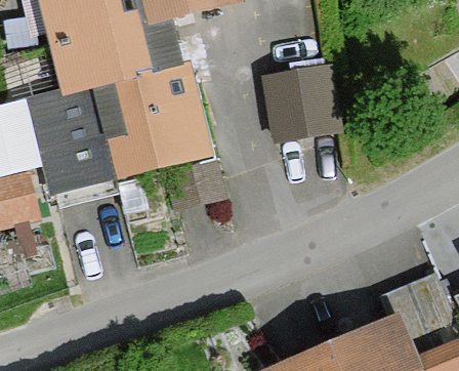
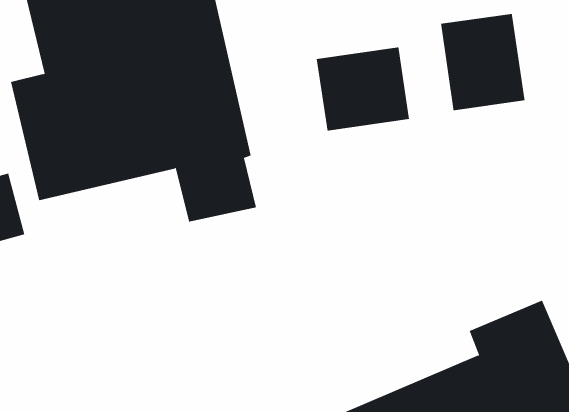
building: none -> [440,13,525,111]

